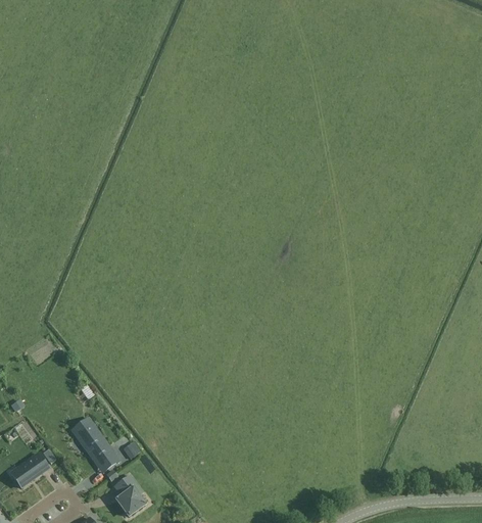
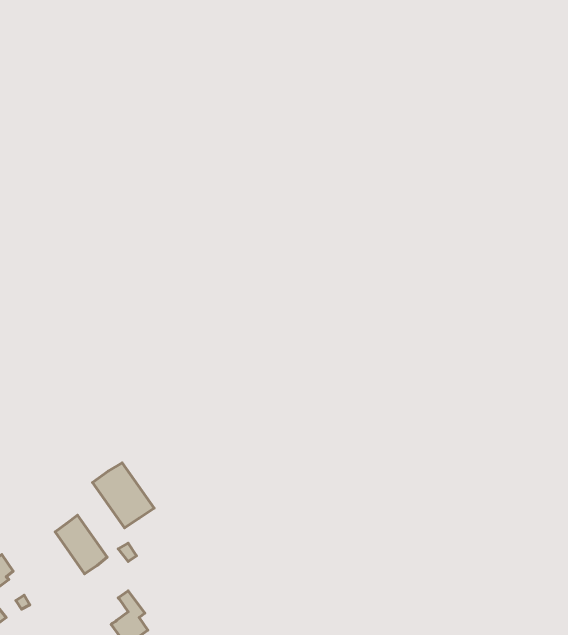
building: none -> [92,463,154,528]

